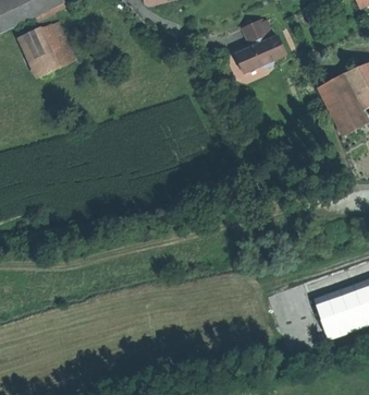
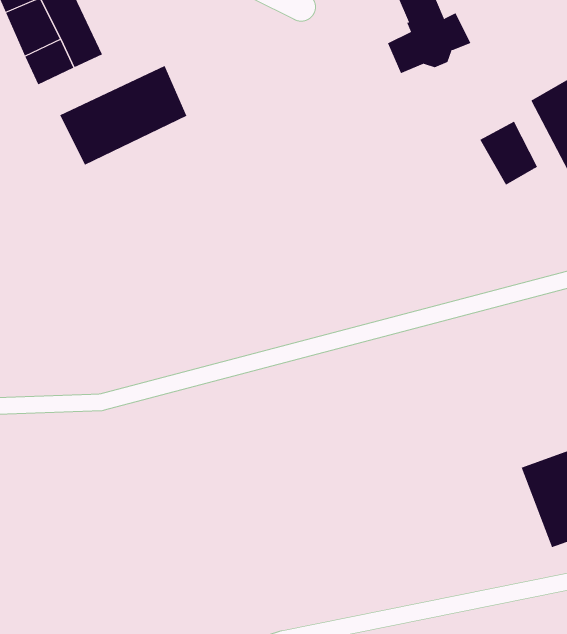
building: none -> [60,65,187,165]
building: none -> [480,121,538,185]

